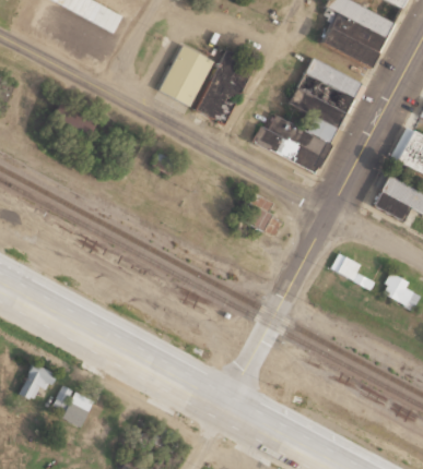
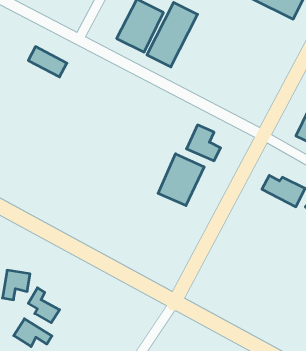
building: [251,59,359,173] -> none
building: none -> [158,154,204,206]
building: none -> [14,319,52,347]

